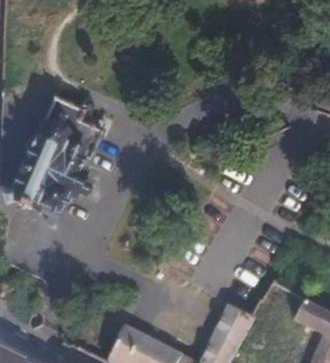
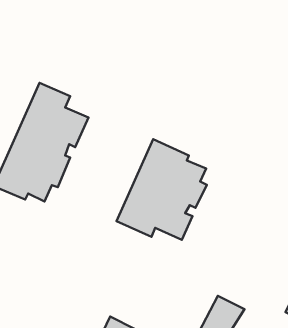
building: none -> [117,139,207,240]

